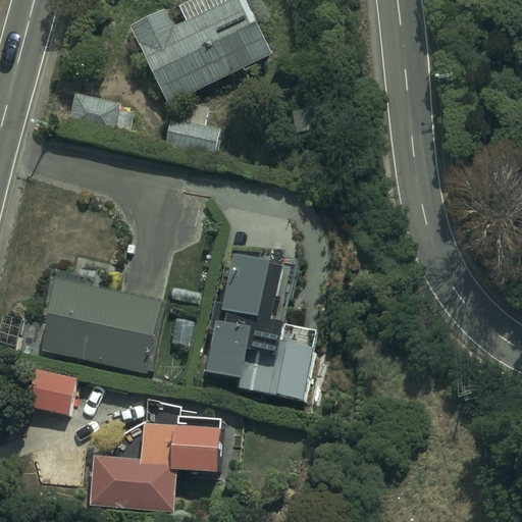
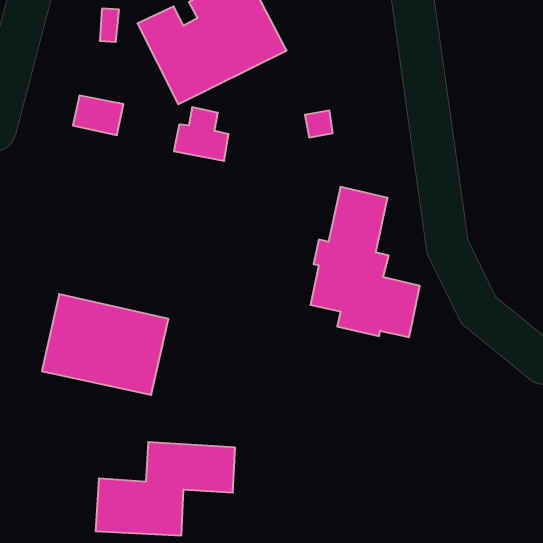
building: [208,260,312,403] -> [310,187,420,337]
building: [21,367,74,413] -> none

